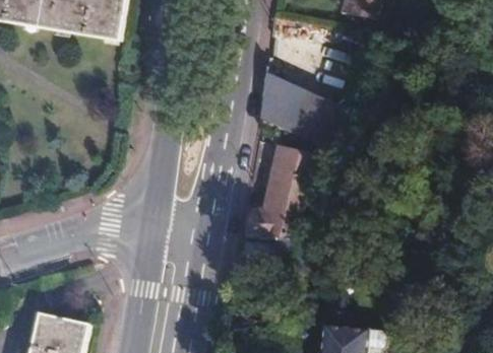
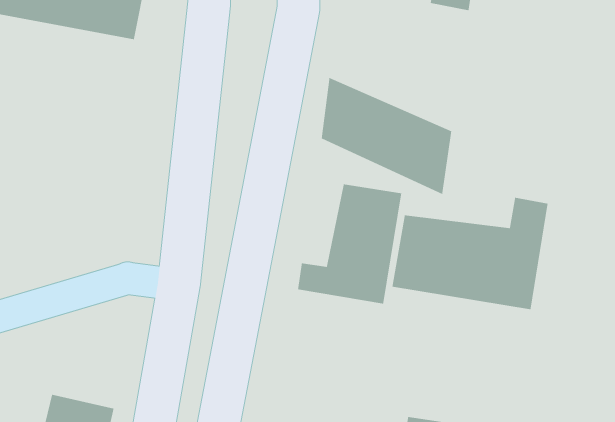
building: none -> [392,197,549,310]

